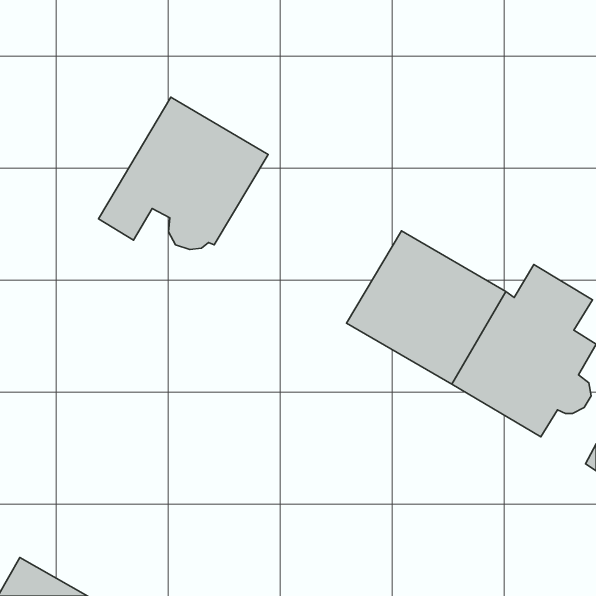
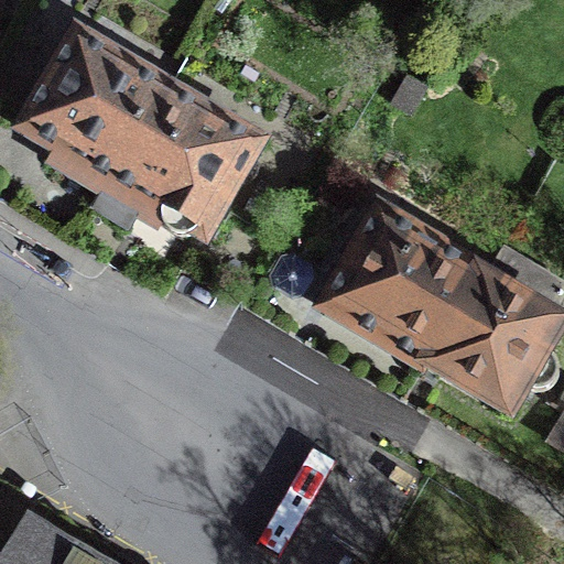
building: none -> [24,41,161,176]

